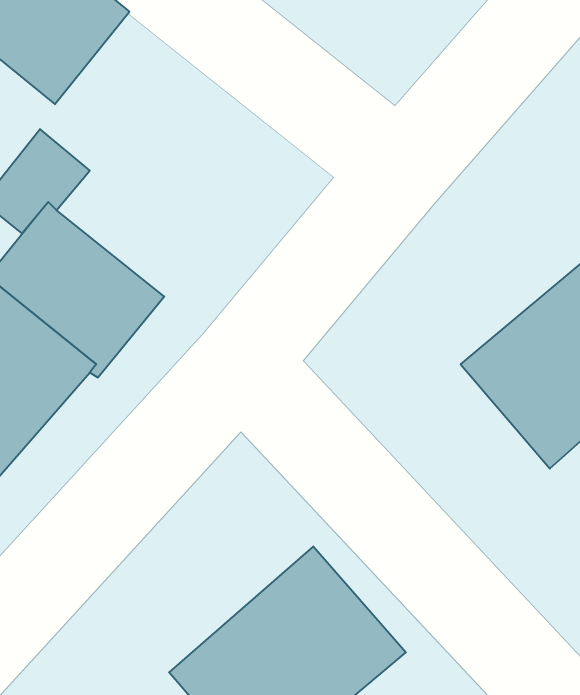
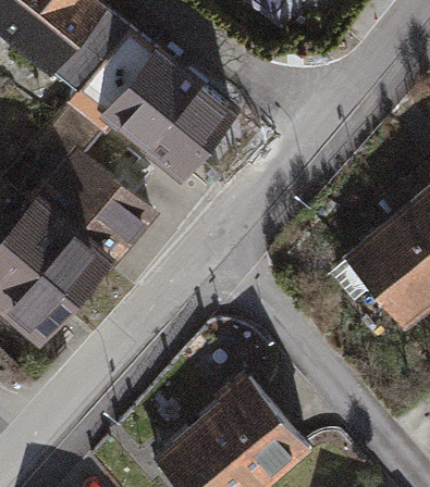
building: none -> [70,27,228,170]

